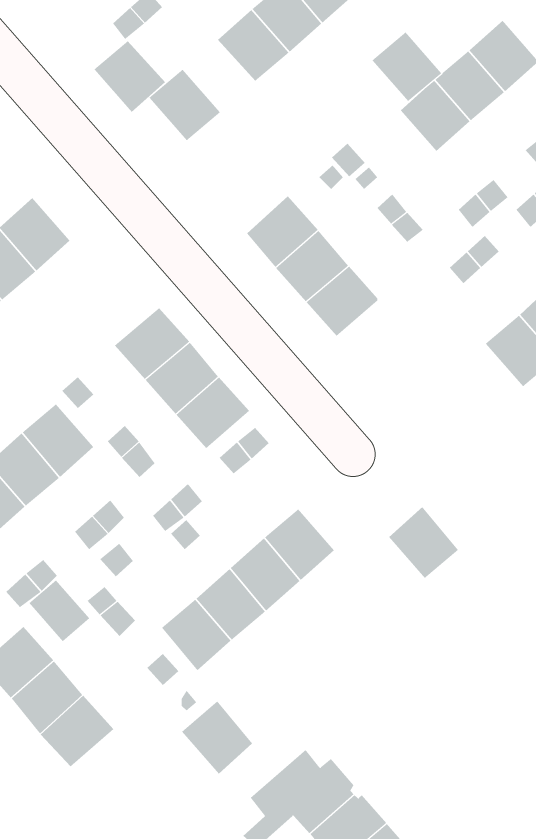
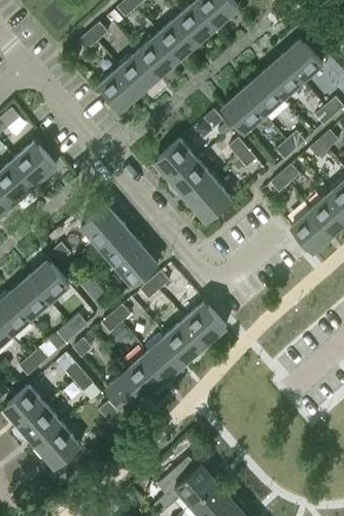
building: [372,31,442,102] -> [222,93,263,133]
building: [93,41,166,113] -> [118,53,160,94]
building: [388,506,459,579] -> [184,302,225,344]
building: [28,579,90,642] -> none
building: [181,701,253,775] -> none

